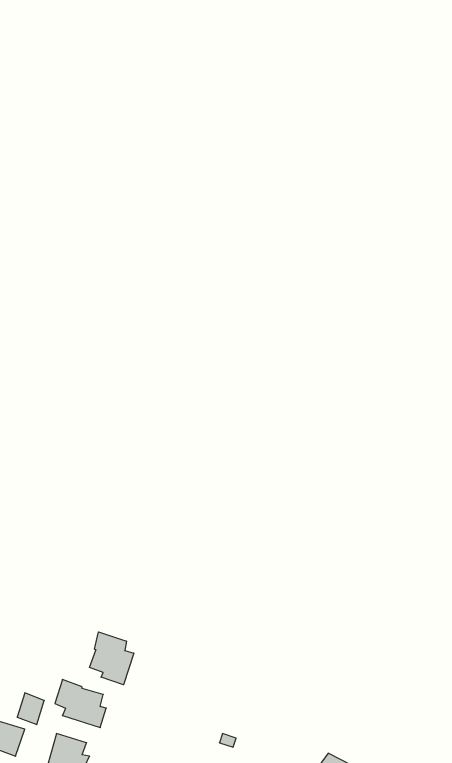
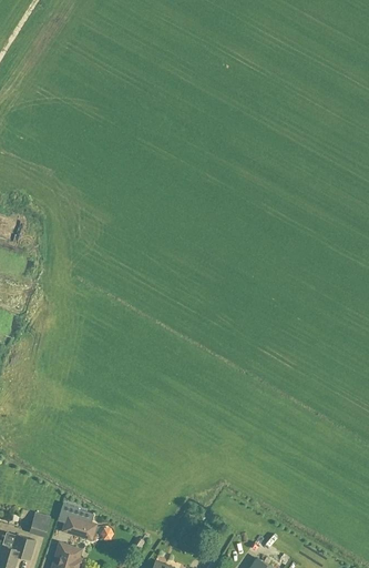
building: [90,632,134,685] -> none

